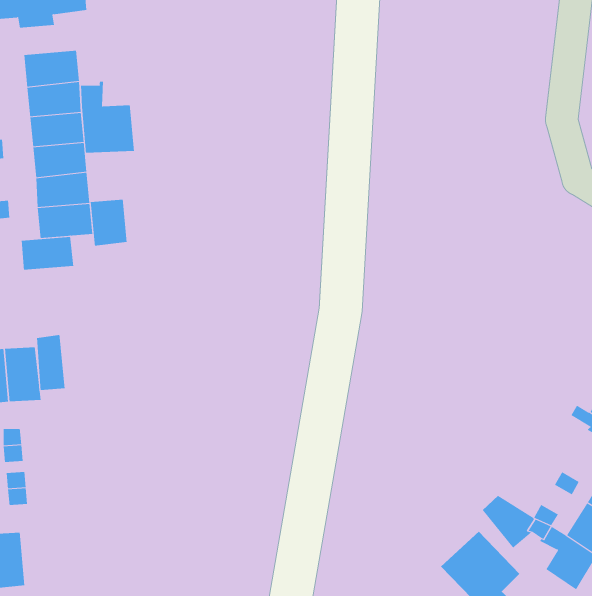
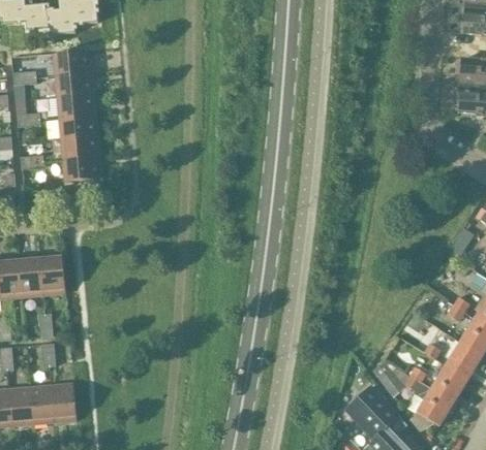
building: [81,81,134,154] -> none
building: [90,199,127,246] -> none
building: [21,236,74,271] -> none
building: [37,334,65,391] -> none
building: none -> [50,383,74,422]

